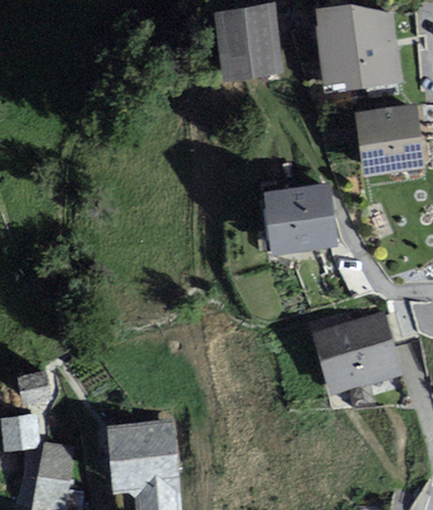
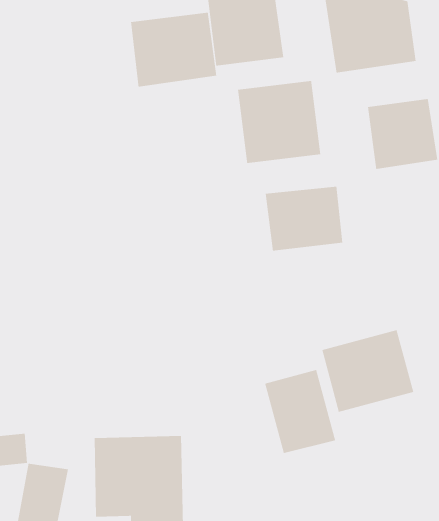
building: none -> [131,12,217,88]
building: none -> [237,80,321,164]
building: none -> [265,369,336,454]

